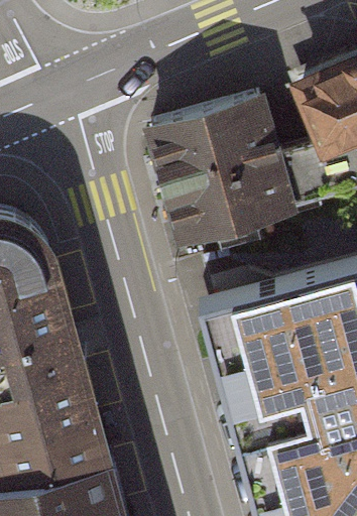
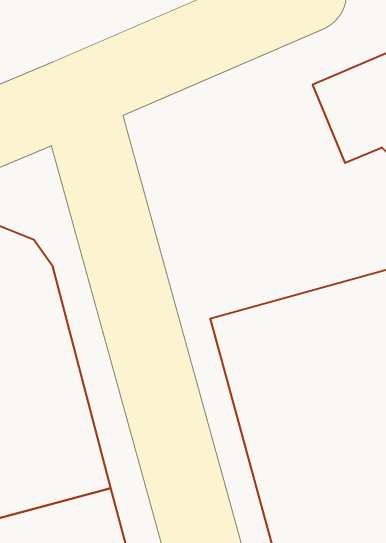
building: [151,94,298,235] -> none

